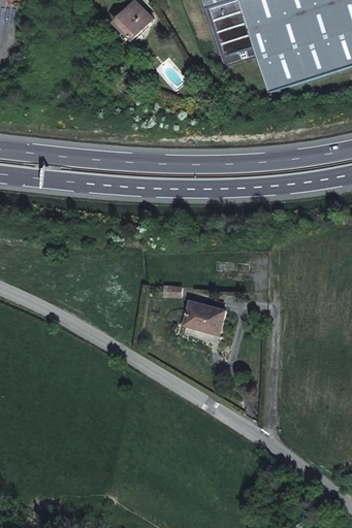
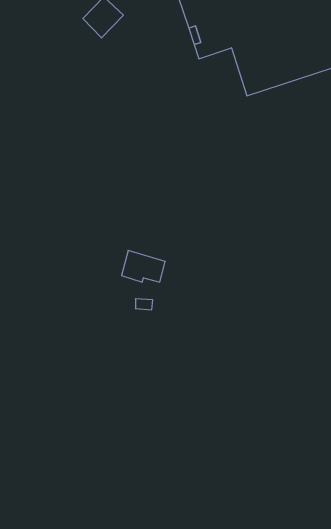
building: [183,299,224,329] -> [122,250,165,282]

